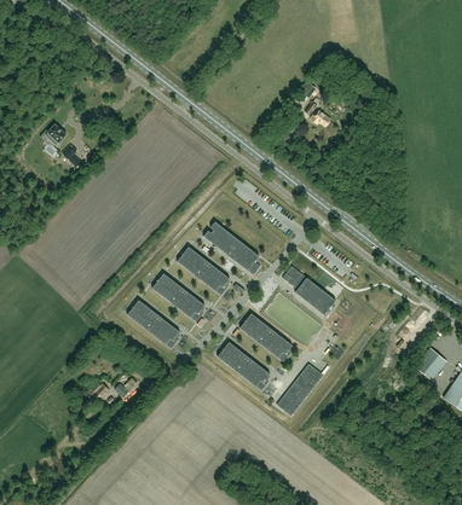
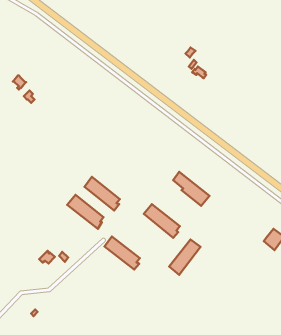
building: [202,220,259,274] -> none
building: [175,245,229,295] -> none
building: [216,341,268,389] -> [105,237,140,270]

